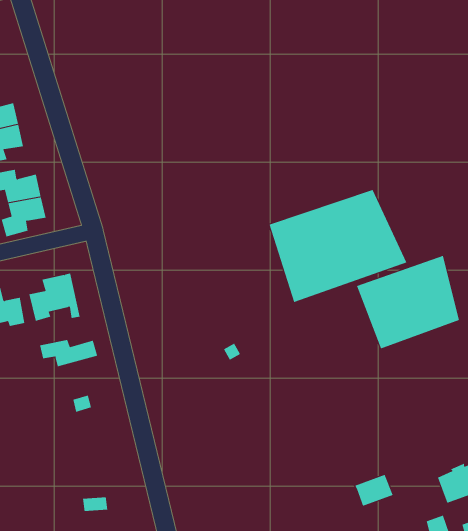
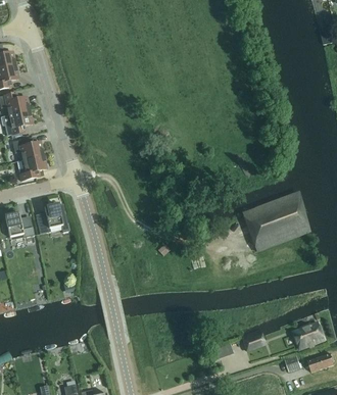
building: [269,189,407,303] -> none
building: [40,339,98,367] -> none

